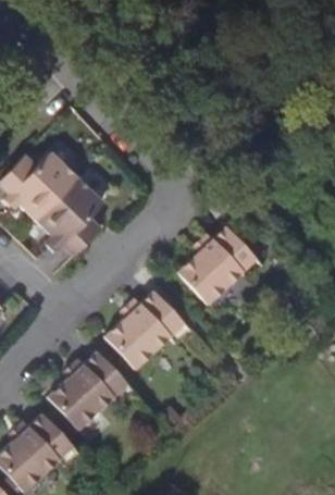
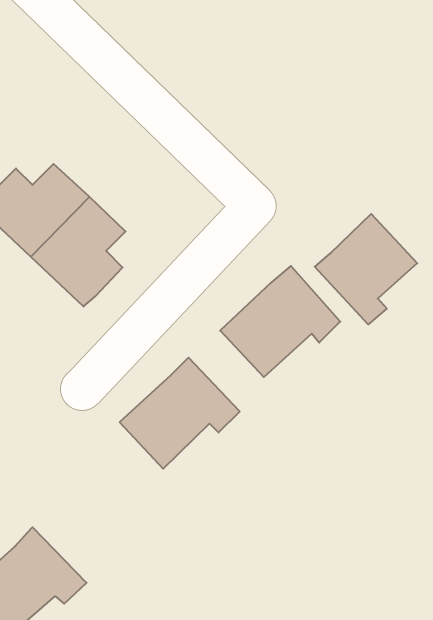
building: none -> [315,214,417,324]
building: [46,349,133,430] -> none

